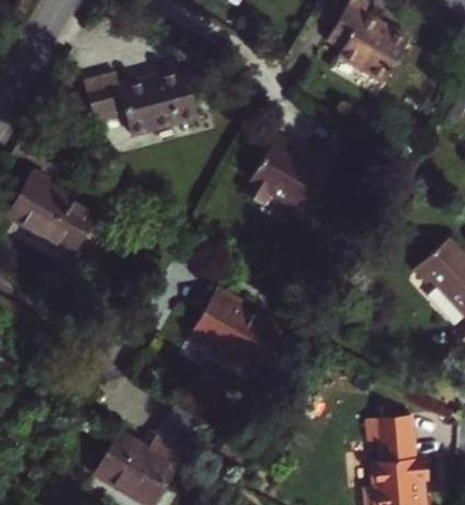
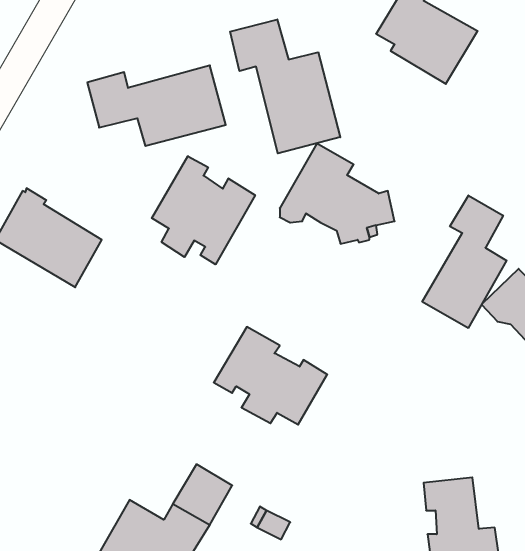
building: none -> [230,19,340,153]
building: none -> [152,156,255,264]
building: none -> [422,195,507,328]

